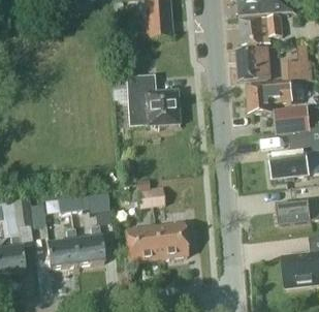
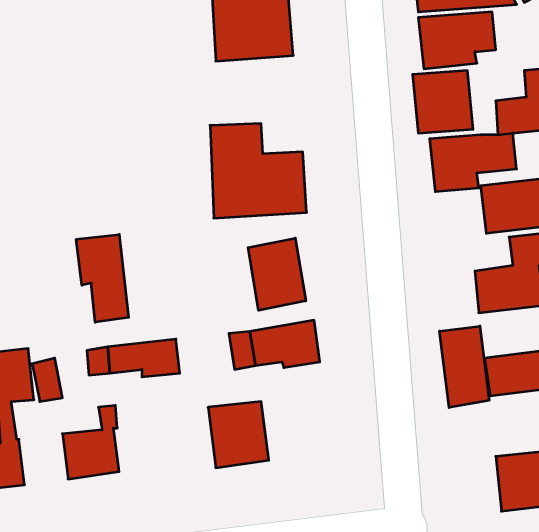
building: none -> [76,234,129,322]
building: none -> [248,238,306,310]
building: none -> [440,326,489,408]
building: [155,223,188,258] -> none
building: [74,225,105,264] -> none

